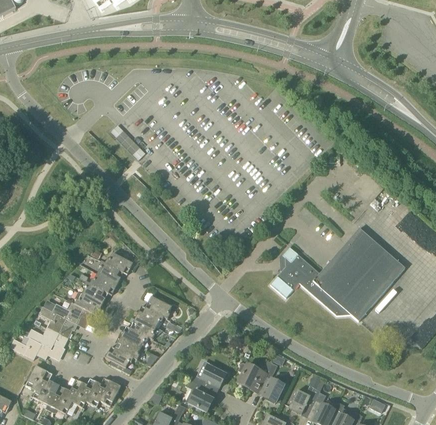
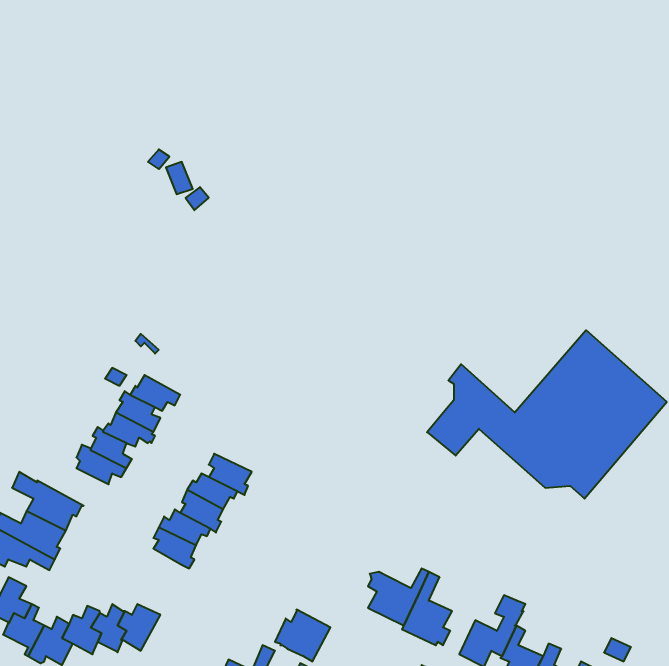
building: [52,302,93,329] -> none
building: [105,347,133,374] -> none
building: [190,365,225,393] -> none

